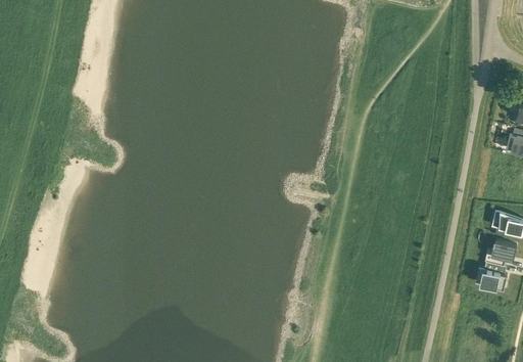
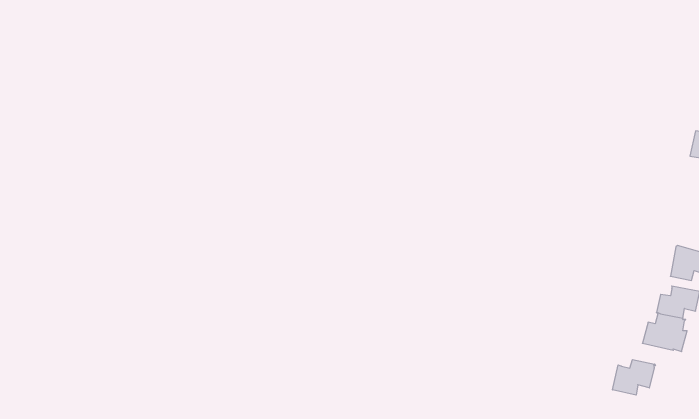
building: none -> [613,360,655,395]

